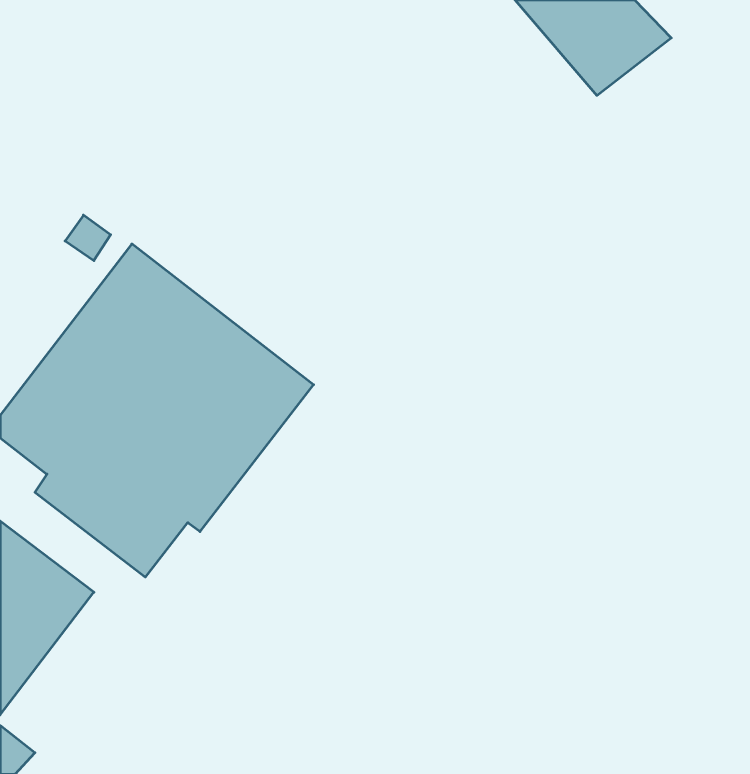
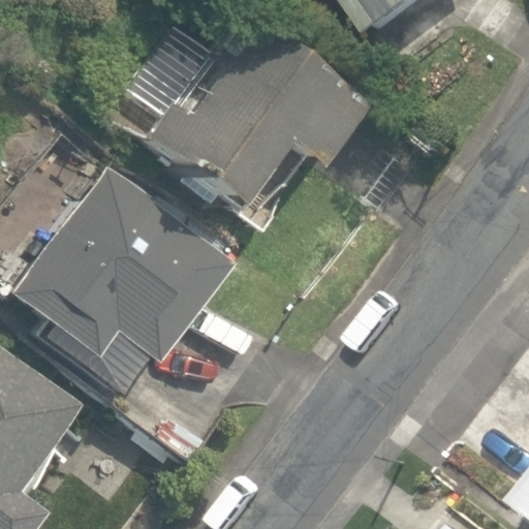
building: none -> [141,12,360,205]

